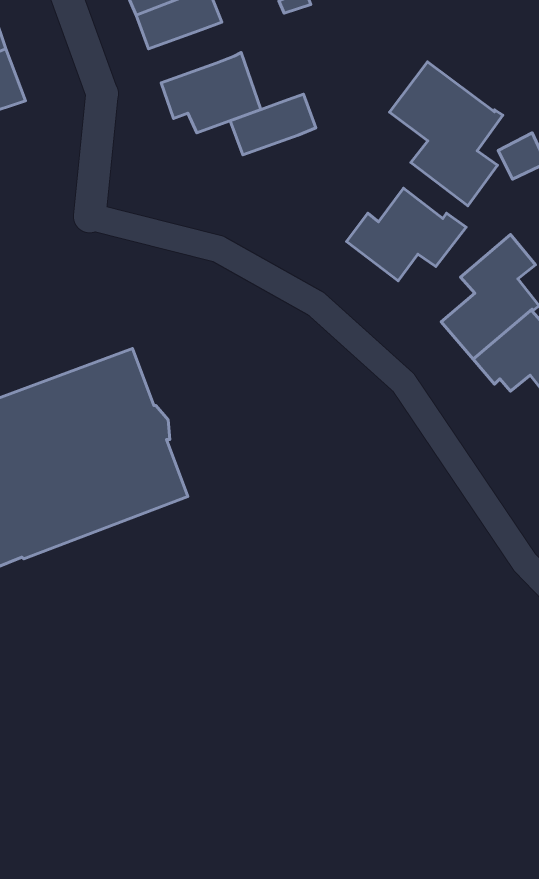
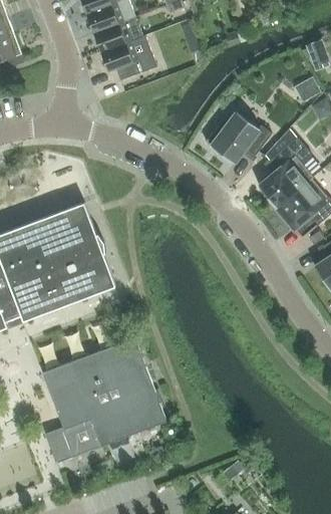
building: [389,62,503,206] -> none
building: [230,94,316,155] -> [93,18,141,52]
building: none -> [42,337,167,463]

